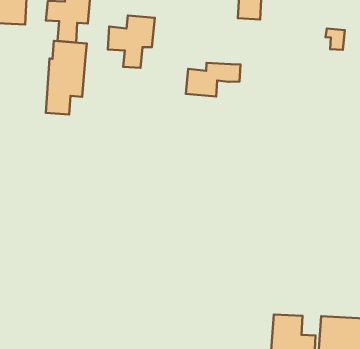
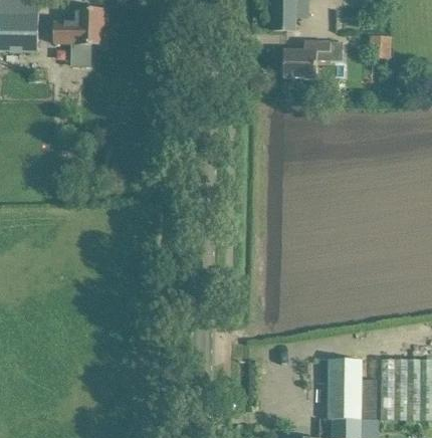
building: [108,16,155,68] -> none
building: [46,41,87,115] -> none
building: [186,63,240,97] -> [284,40,344,77]

